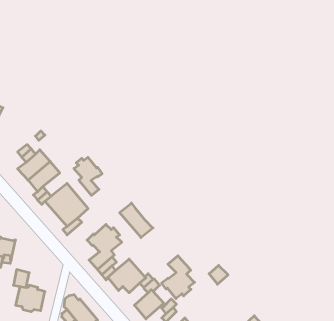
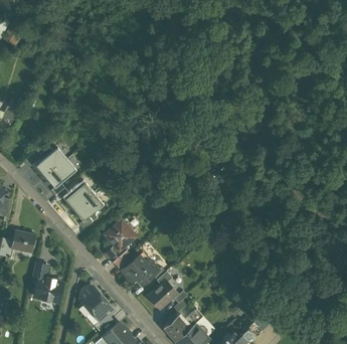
building: [74,157,102,195] -> none
building: [120,203,153,238] -> none
building: [162,256,195,299] -> none

